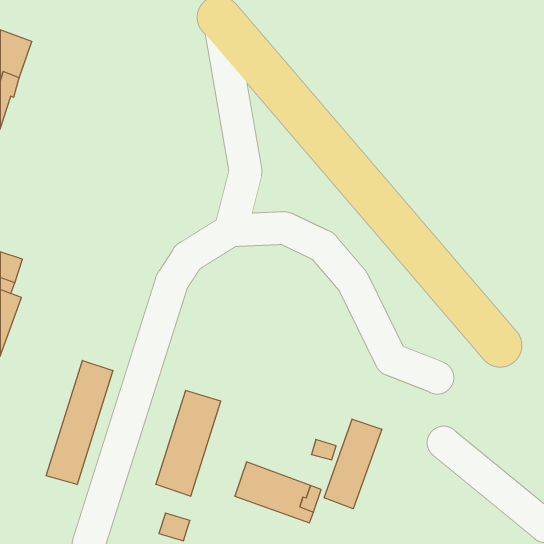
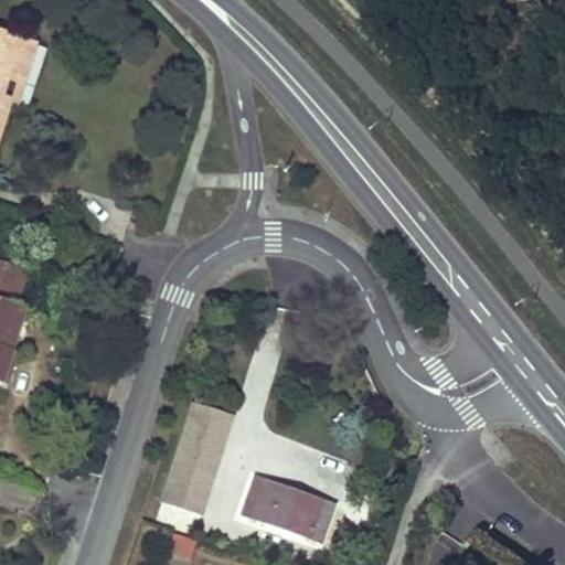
building: [46,360,113,485] -> none
building: [324,419,382,509] -> none

